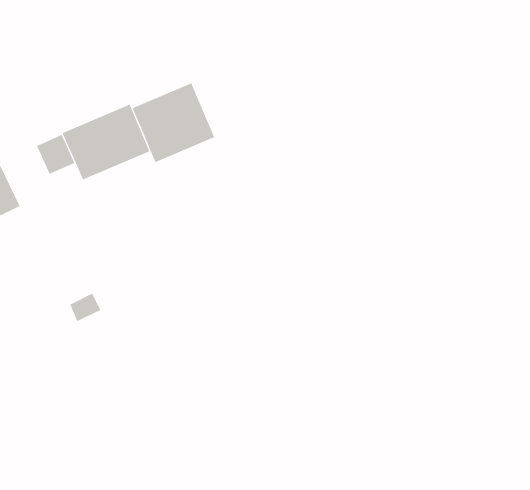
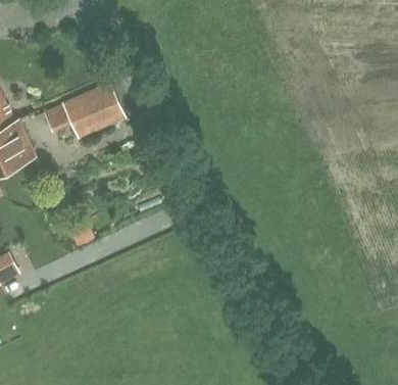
building: [132,83,215,163] -> none

